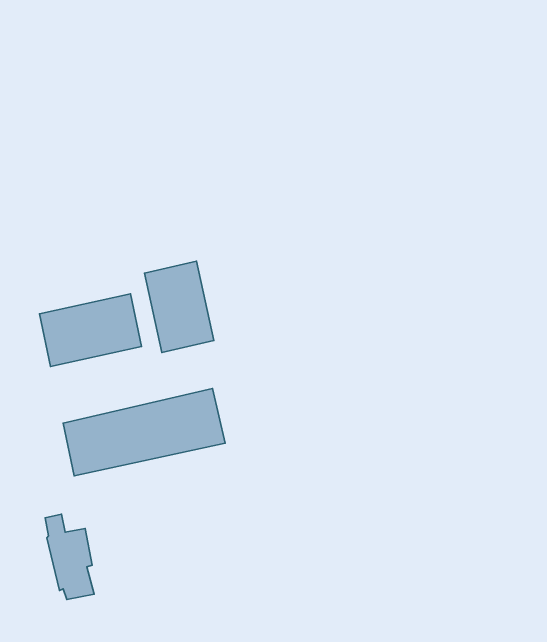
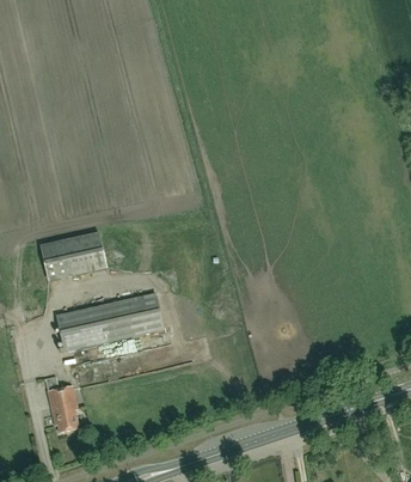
building: [145,261,214,352] -> none

